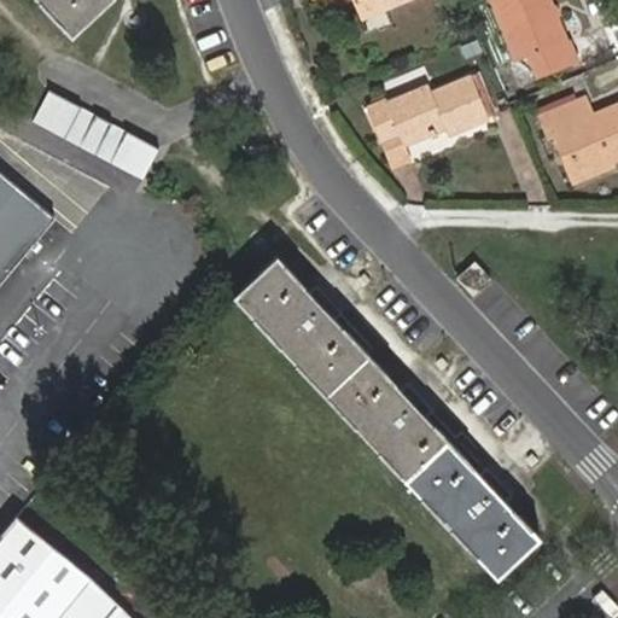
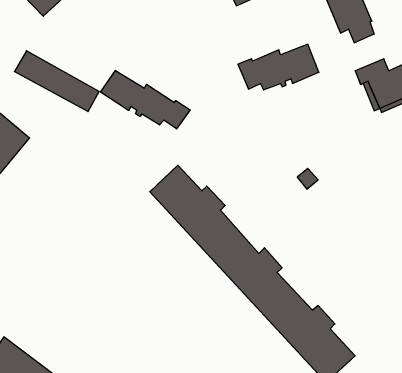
building: none -> [101,70,190,129]

